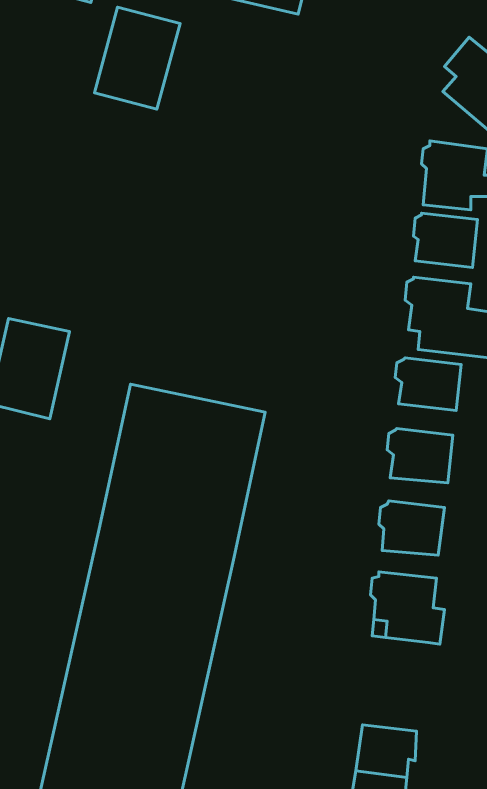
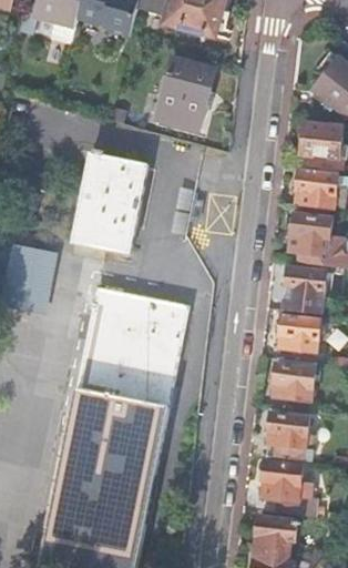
building: [94,7,180,109] -> [157,61,215,130]
building: none -> [72,145,152,252]
building: none -> [258,462,316,516]

